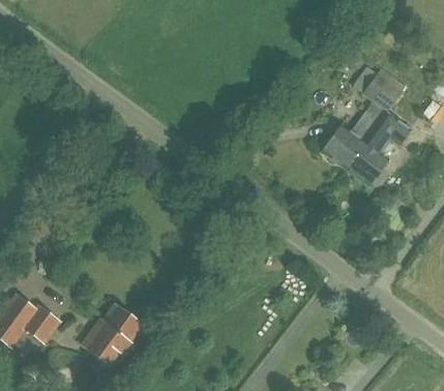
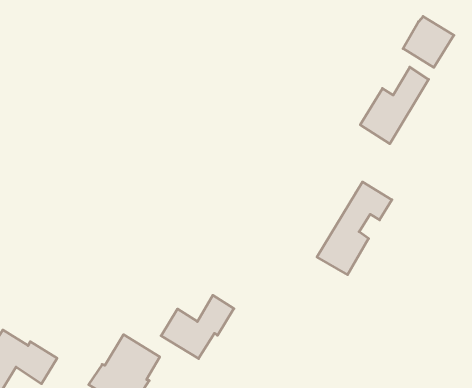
building: [345,112,410,186] -> [317,182,392,275]
building: none -> [161,295,234,359]

